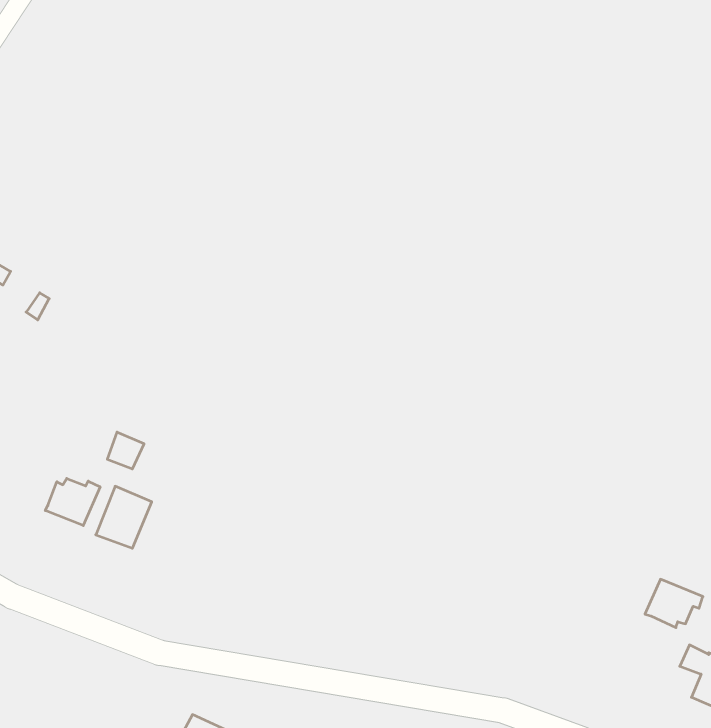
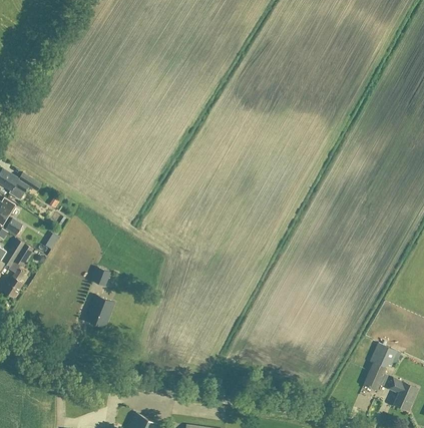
building: [45,478,100,526] -> none
building: none -> [362,363,387,391]

